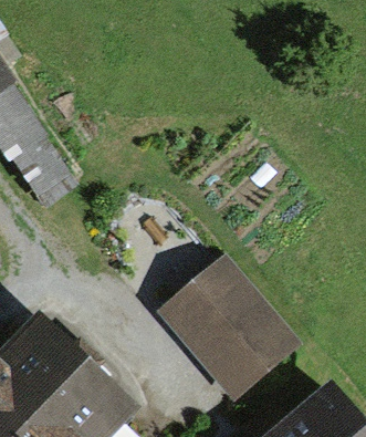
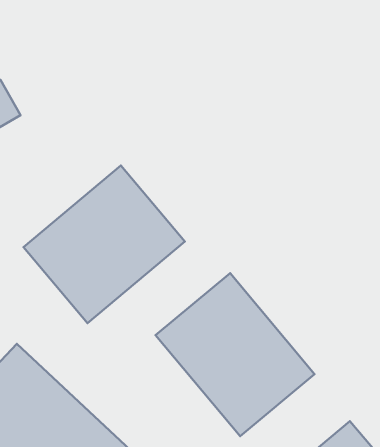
building: none -> [23,165,185,323]

